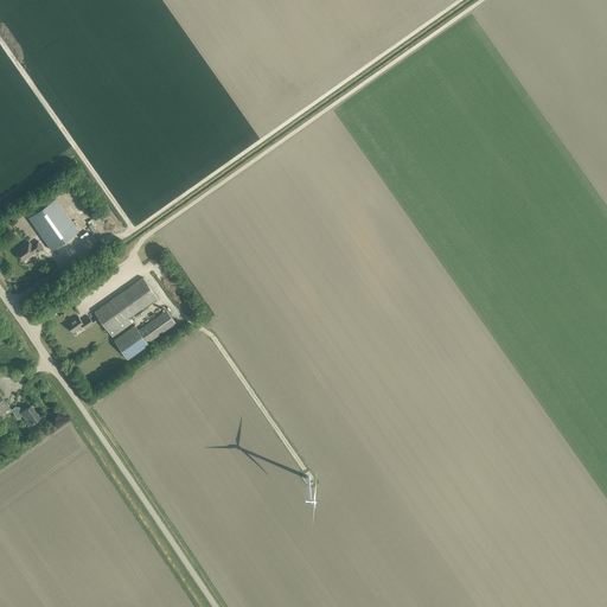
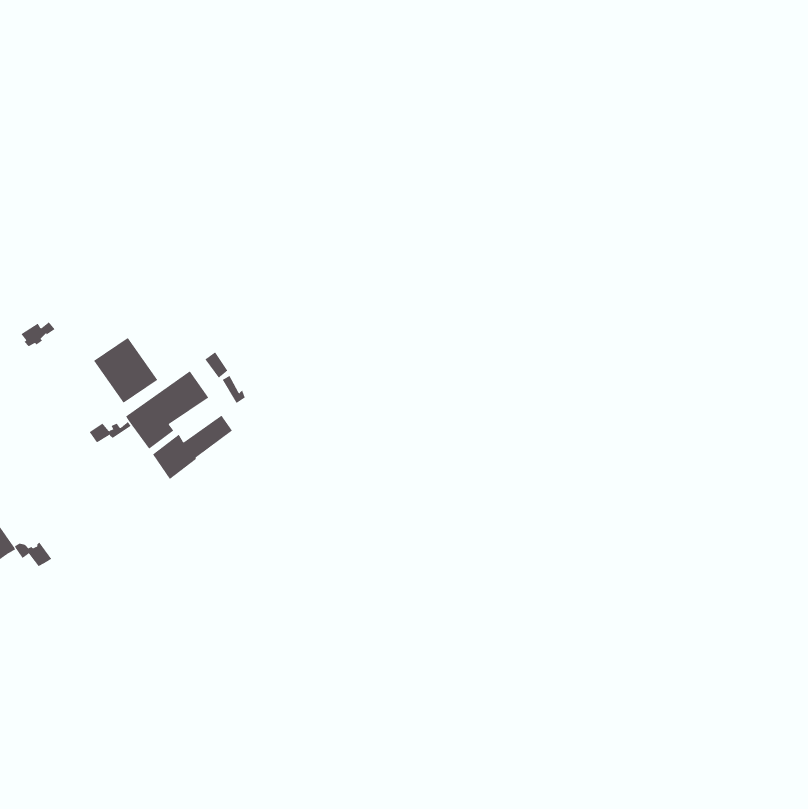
building: [28,199,77,249] -> [93,337,158,404]

